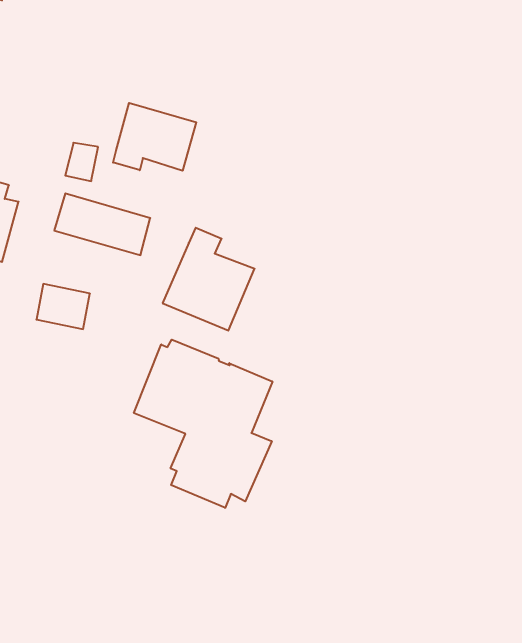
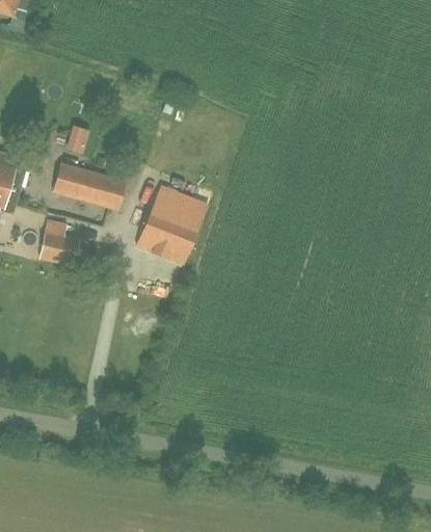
building: [113,103,196,171] -> none
building: [134,340,272,508] -> none

